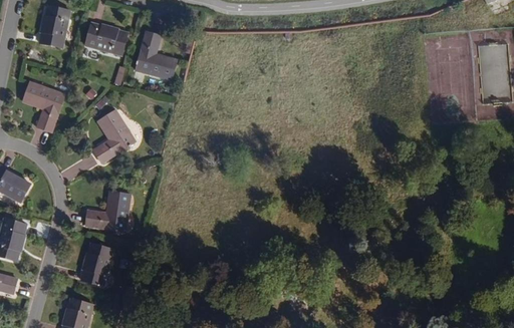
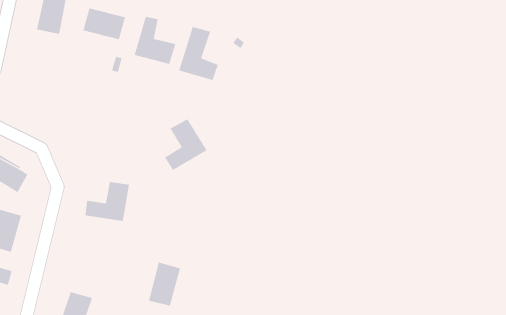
building: none -> [178,26,218,81]
building: [25,80,67,130] -> none
building: [93,110,136,161] -> [164,118,207,171]
building: [80,244,112,287] -> [148,262,181,306]

